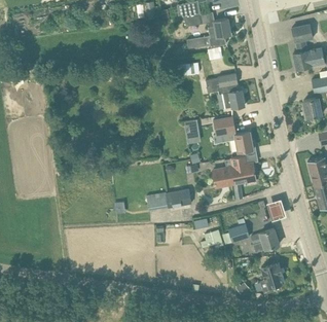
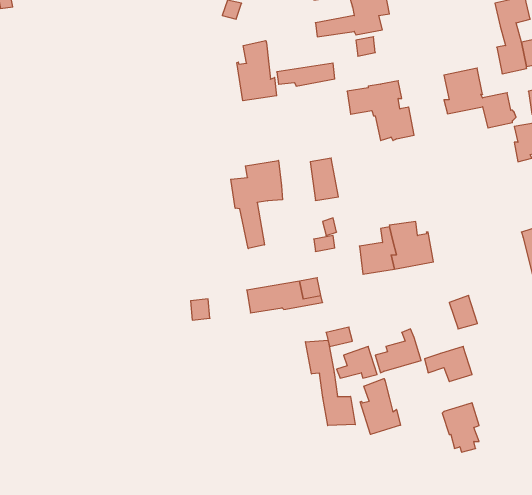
building: none -> [237,41,277,101]
building: [213,116,255,151] -> [444,68,516,128]
building: none -> [231,160,282,249]
building: none -> [305,340,355,426]
building: none -> [360,379,401,434]

